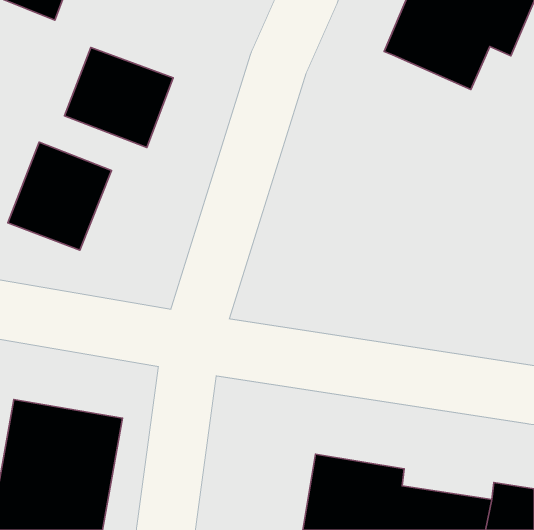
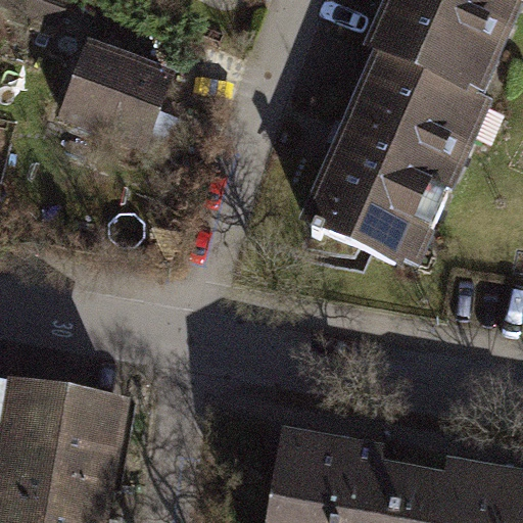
building: none -> [305,53,468,262]
building: [8,142,112,250] -> none

